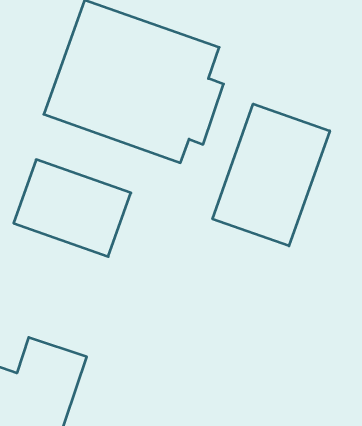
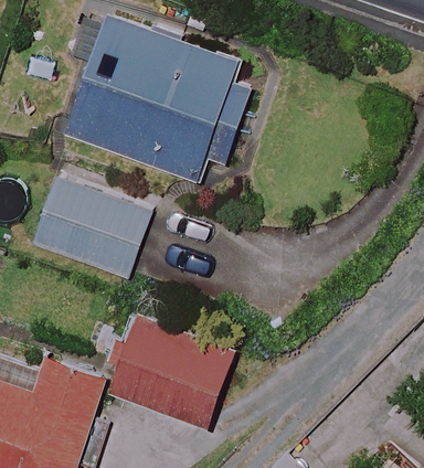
building: [213,104,330,246] -> none
building: none -> [112,313,235,425]

